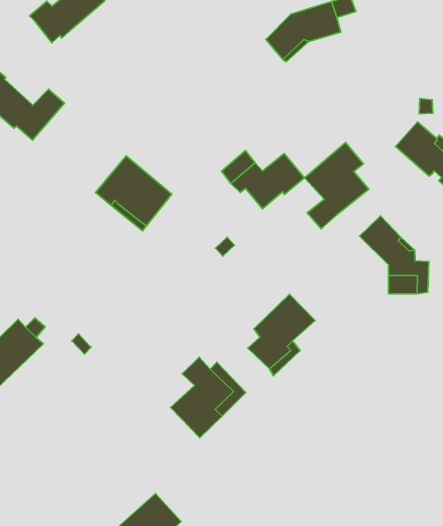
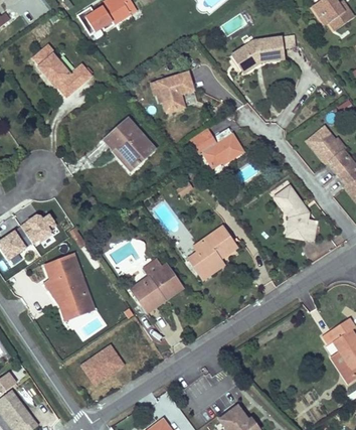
building: none -> [156,70,192,112]
building: [305,143,369,229] -> none
building: none -> [43,252,96,319]

